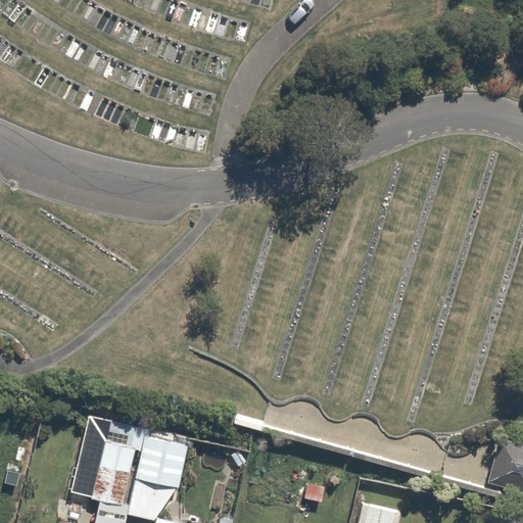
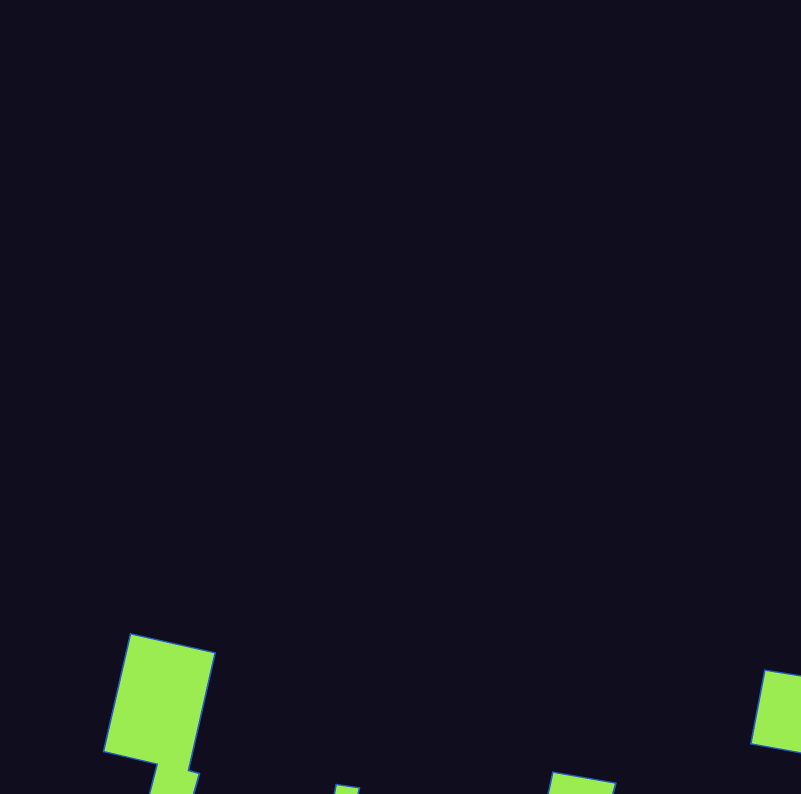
building: [137,435,192,489] -> none

